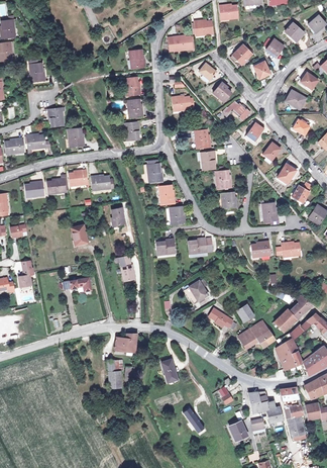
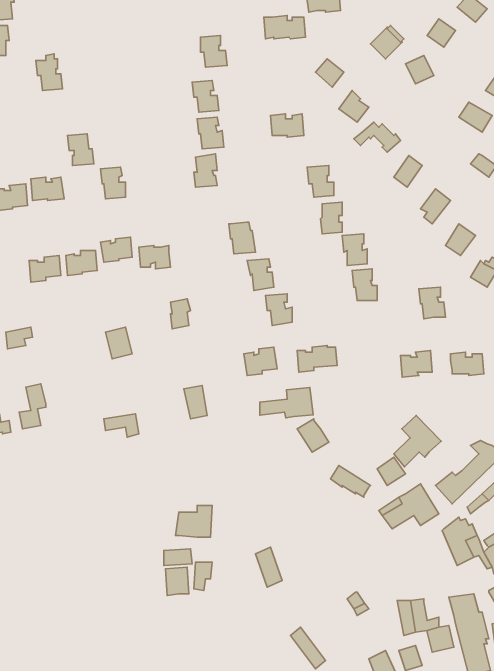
building: none -> [260,387,313,418]
building: none -> [394,415,441,467]

